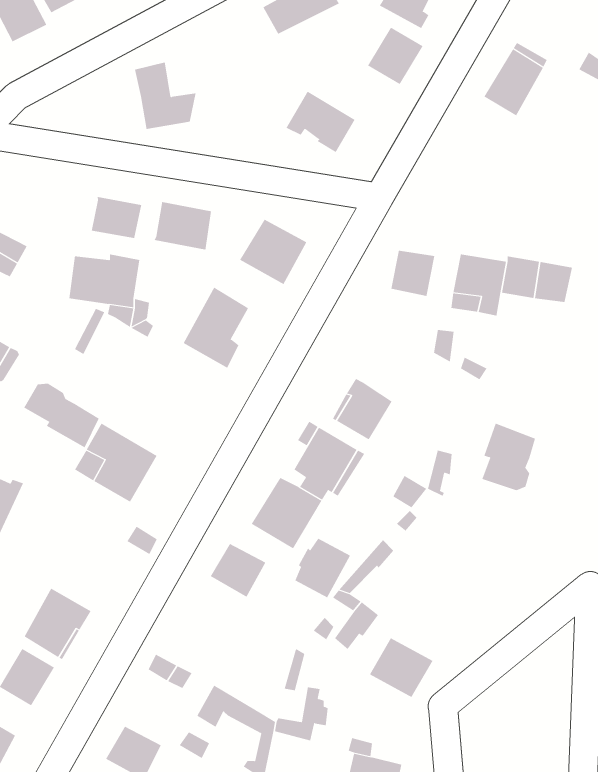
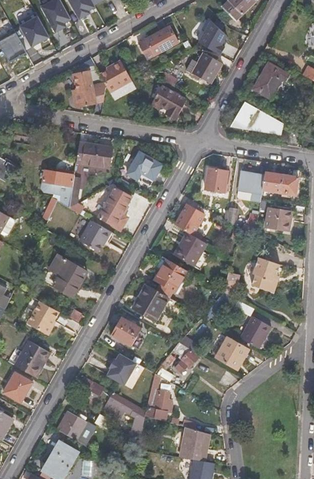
building: none -> [100,59,131,90]
building: none -> [233,102,283,132]
building: [91,196,142,239] -> none
building: none -> [173,204,202,241]
building: none -> [263,205,291,230]
building: none -> [79,219,111,250]
building: [24,383,99,448] -> none
building: none -> [27,300,59,334]
building: none -> [239,314,269,347]
building: [294,538,351,598] -> [108,352,137,383]
building: [369,638,433,698] -> [216,337,249,368]

